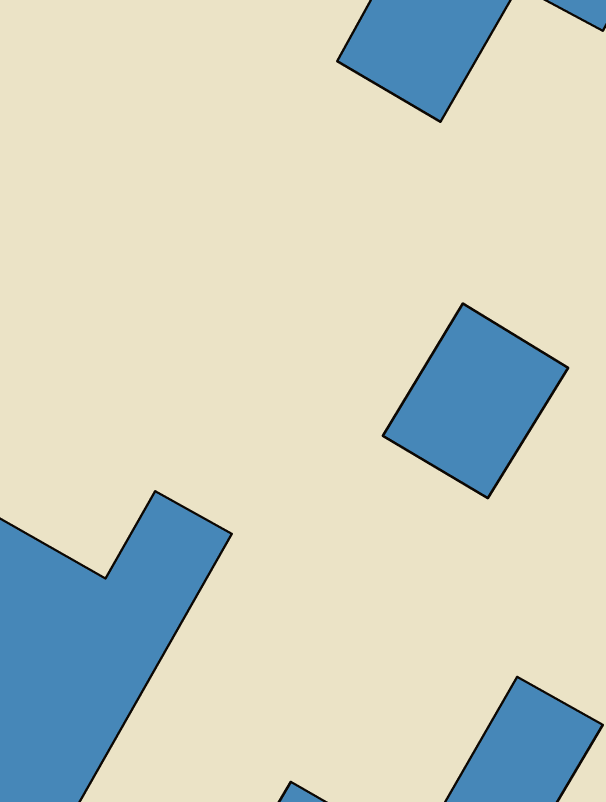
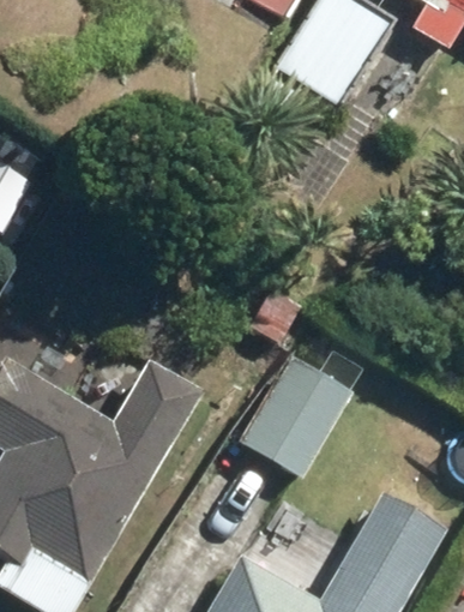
building: [383,304,568,498] -> [234,347,358,478]

